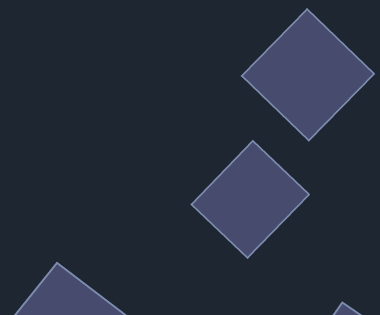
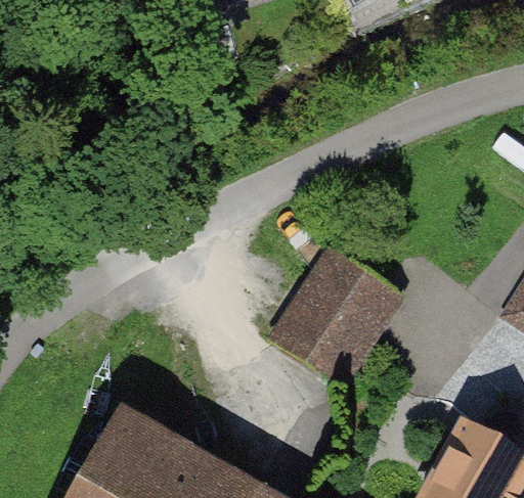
building: [242,9,374,141] -> none

